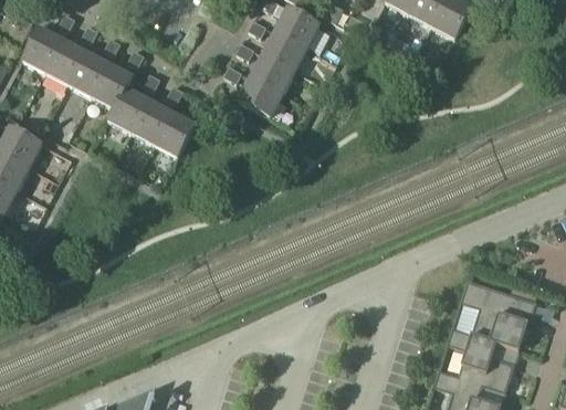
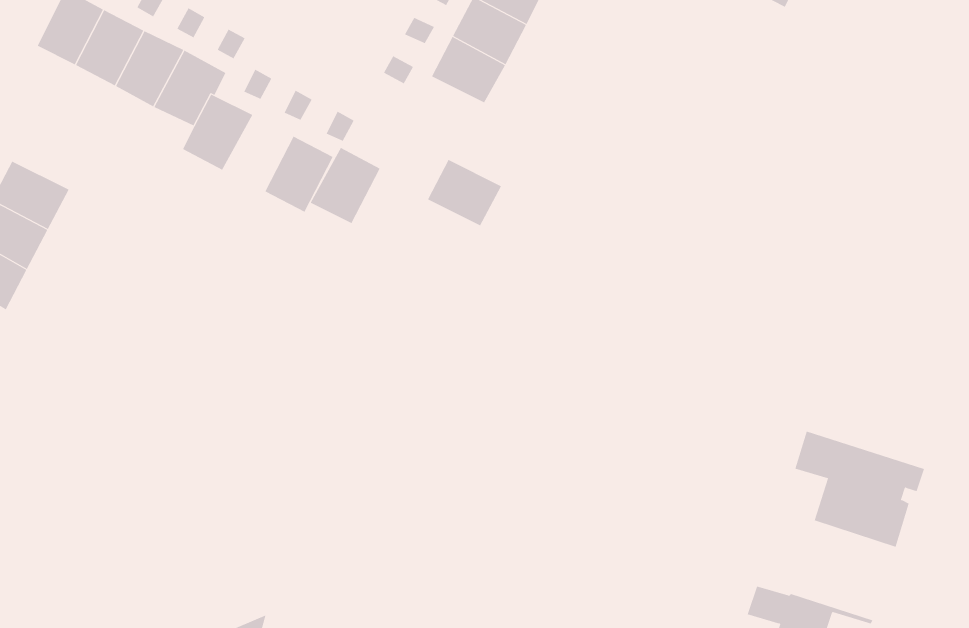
building: [239,76,282,115] -> [427,159,502,226]
building: [130,98,171,143] -> [310,147,381,224]
building: [448,328,520,390] -> none

